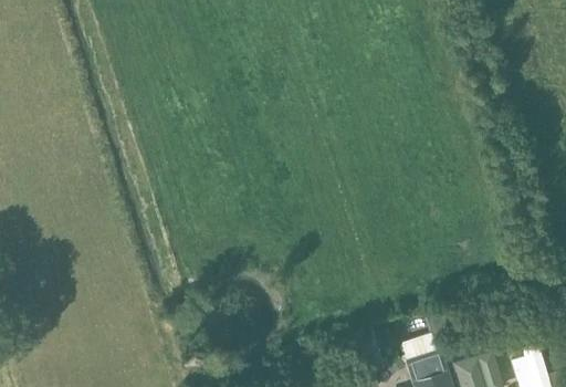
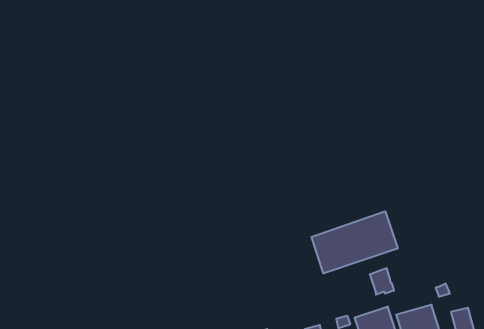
building: none -> [311,211,398,273]

